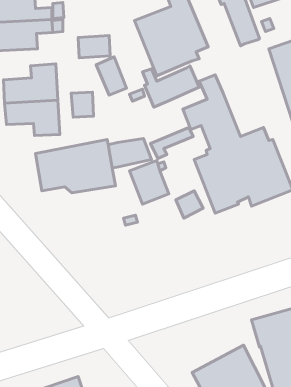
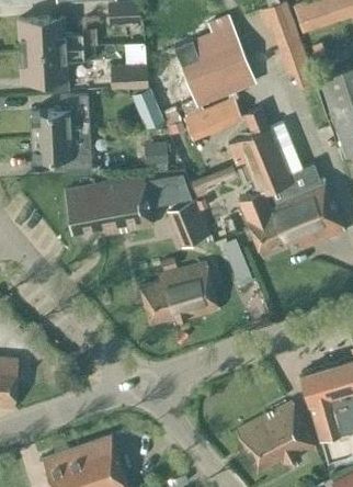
building: [71,92,93,117] -> [144,143,168,170]
building: none -> [139,261,219,324]

